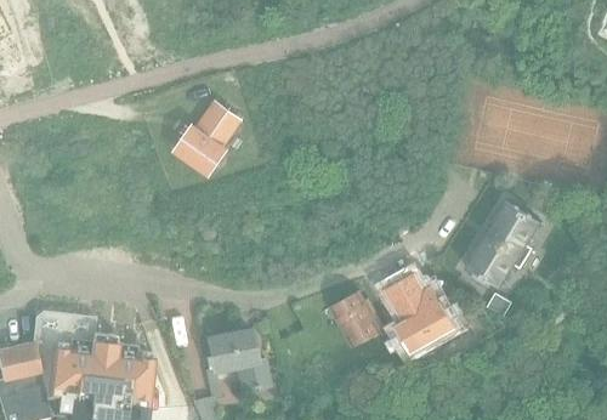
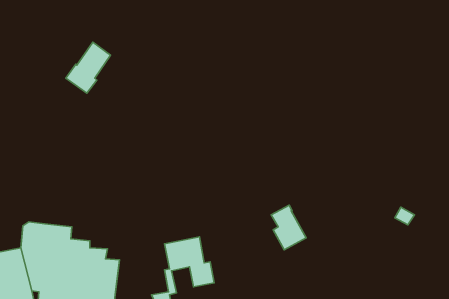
building: [183,107,238,169] -> [66,42,111,93]
building: [466,203,540,289] -> none
building: [390,277,450,345] -> none

